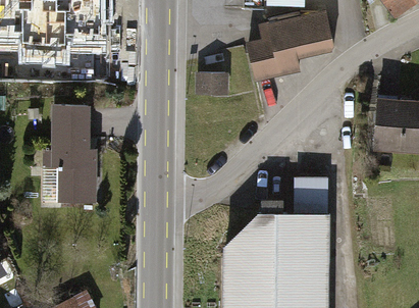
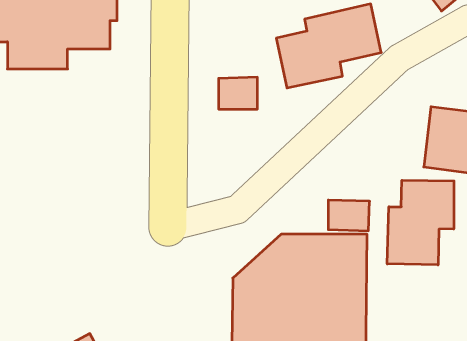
building: [48,108,96,203] -> none
building: none -> [387,180,454,265]

